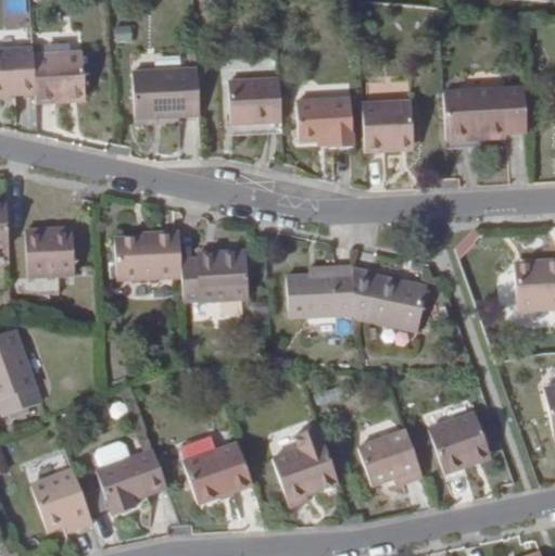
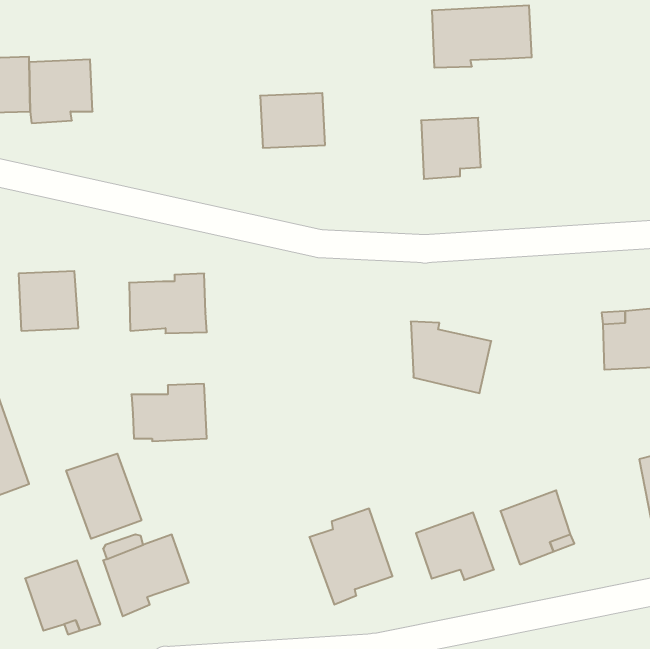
building: [134,67,199,117] -> none
building: [443,87,527,139] -> [432,5,532,68]
building: [299,99,351,148] -> none
building: [181,253,244,301] -> [131,384,207,441]
building: [290,267,355,317] -> none
building: none -> [66,454,141,539]
building: [181,443,252,505] -> none

